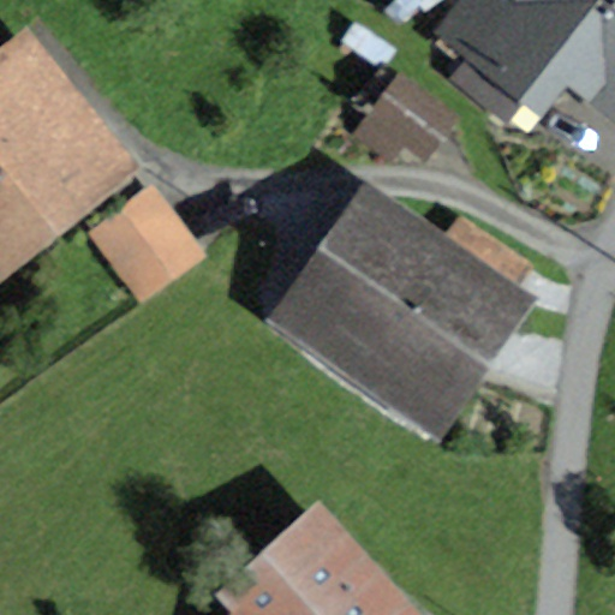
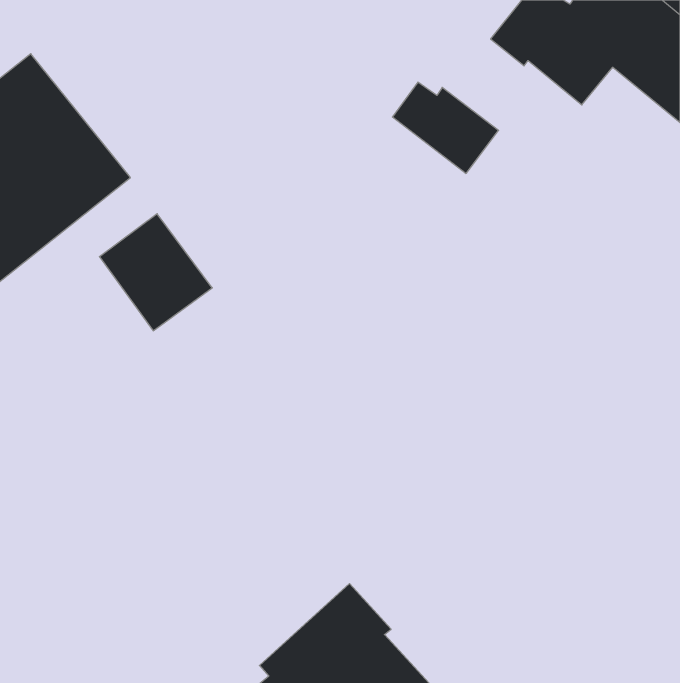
building: [288,209,519,420] -> none

